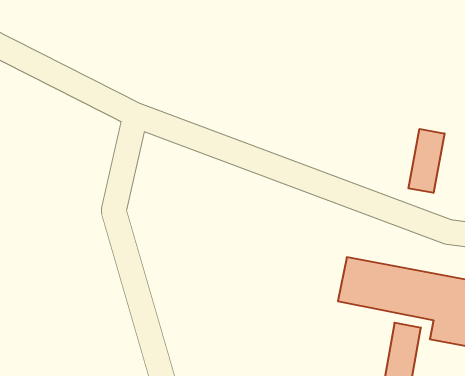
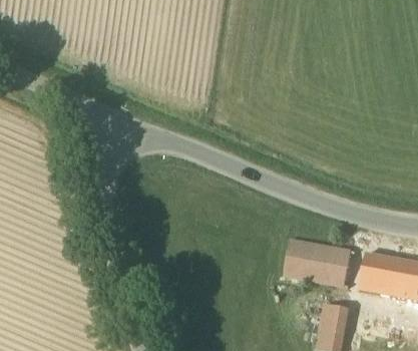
building: [408,129,445,193] -> none

